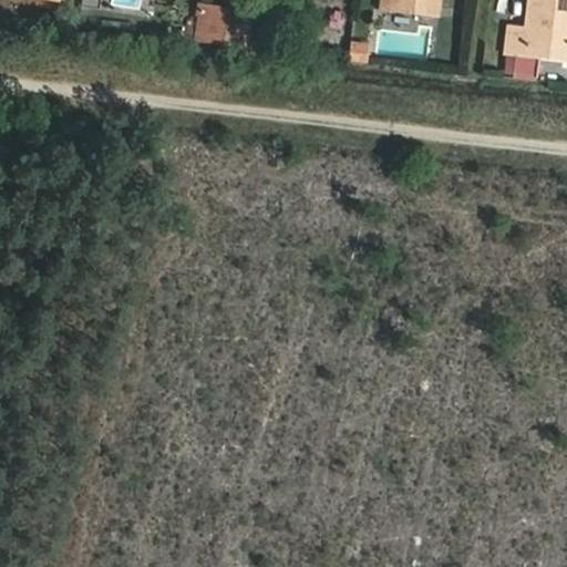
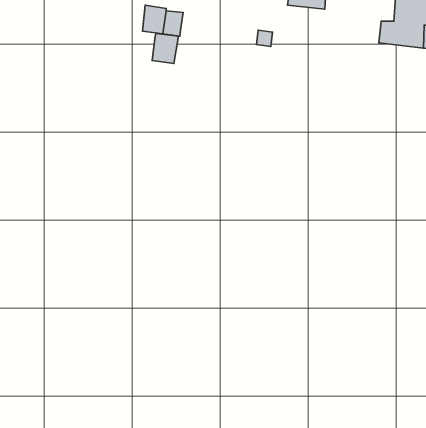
building: none -> [152,34,179,63]

